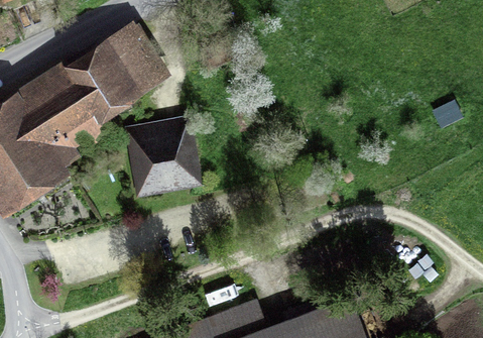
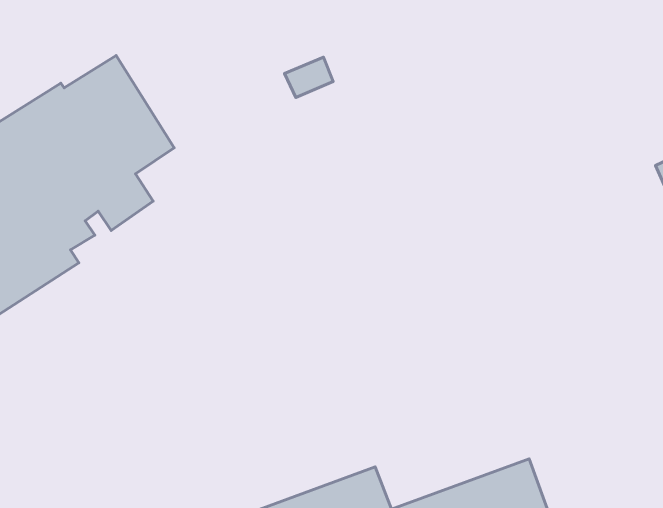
building: [96,21,173,102] -> none
building: [123,116,203,201] -> none

